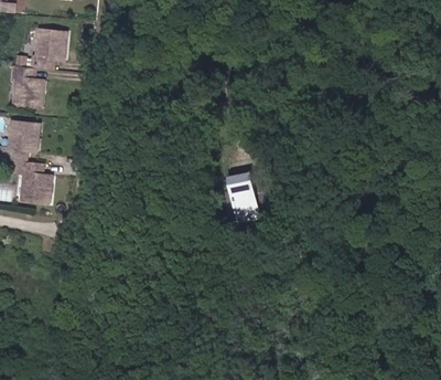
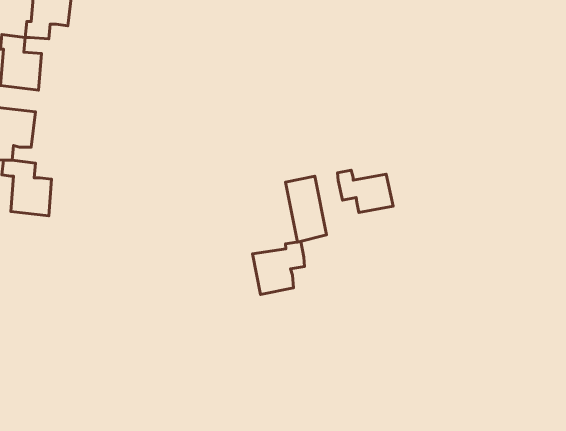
building: none -> [337,170,393,212]
building: none -> [253,241,305,294]

